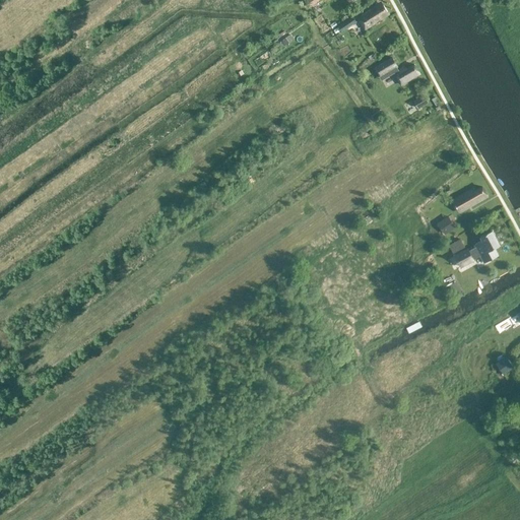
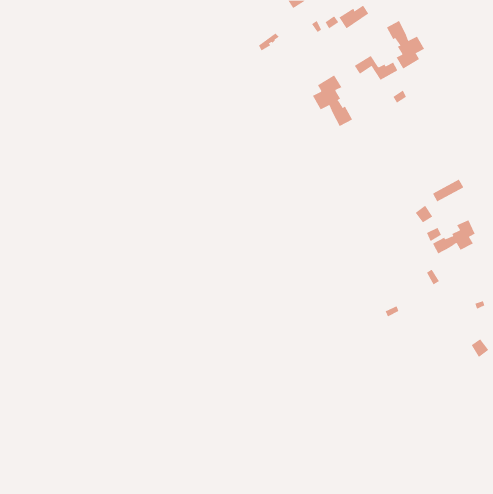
building: none -> [386,20,425,69]
building: none -> [312,75,353,127]

